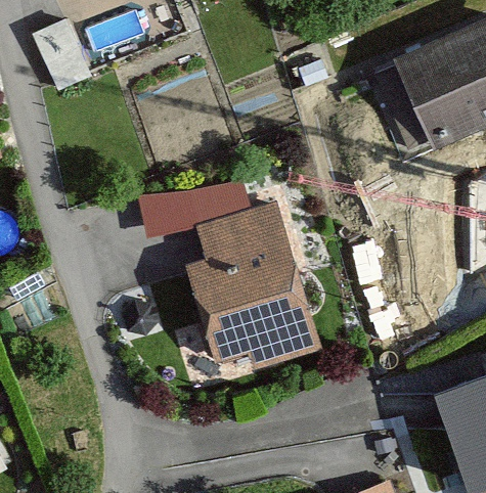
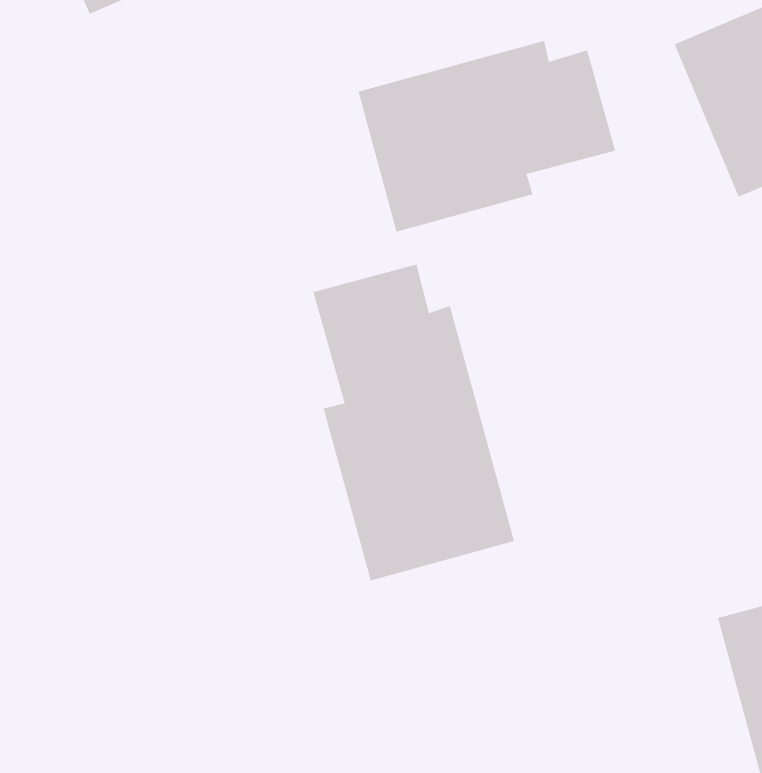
building: none -> [358,40,616,232]

